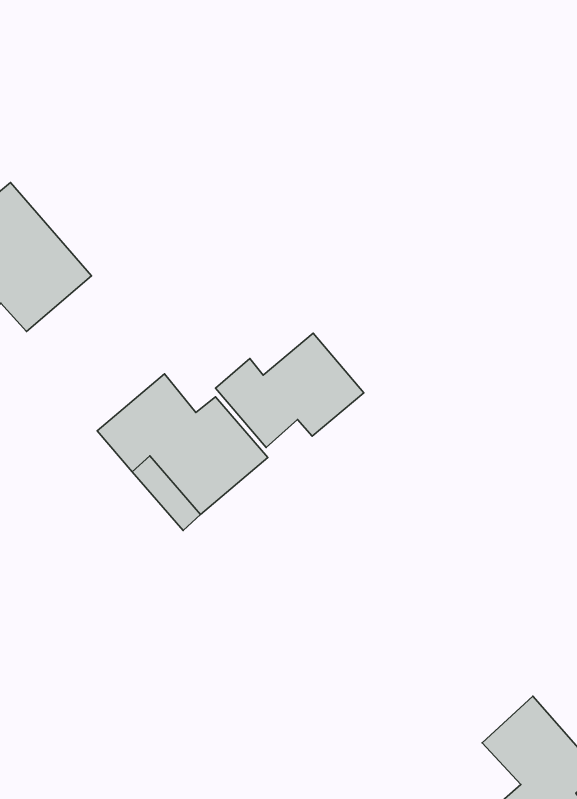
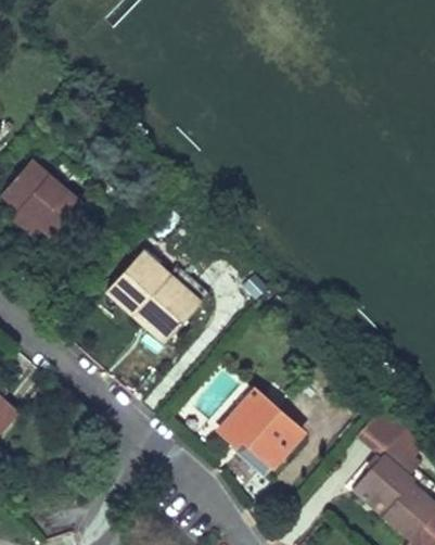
building: [215,333,364,448] -> none
building: none -> [215,392,306,469]

